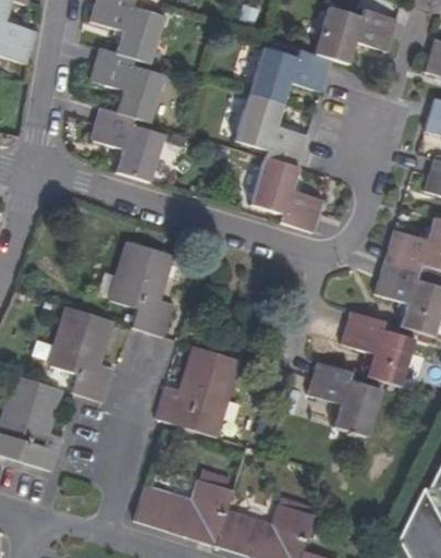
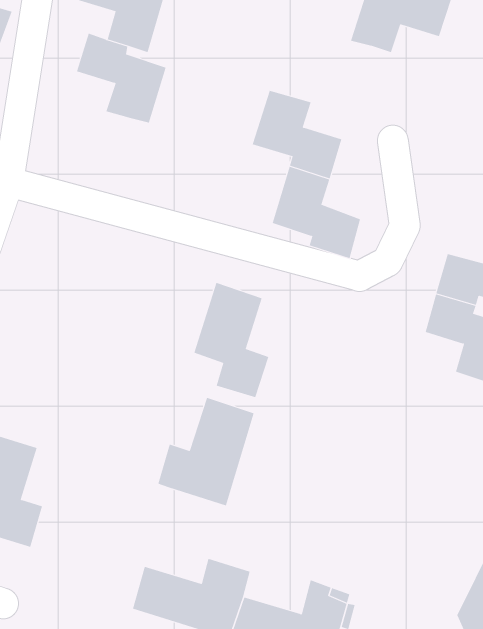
building: [248,46,332,105] -> none
building: [90,108,163,182] -> none
building: [113,242,175,337] -> [193,282,269,398]
building: [51,306,113,401] -> none
building: [342,312,415,387] -> none
building: [308,362,381,435] -> none

